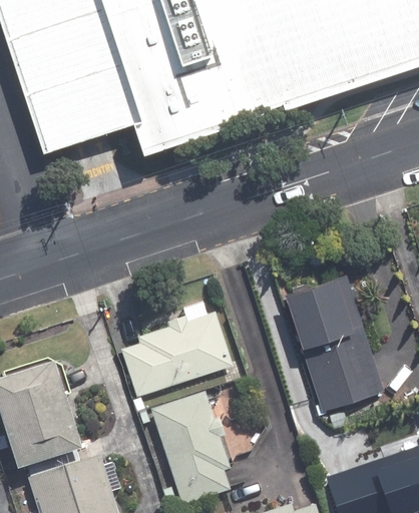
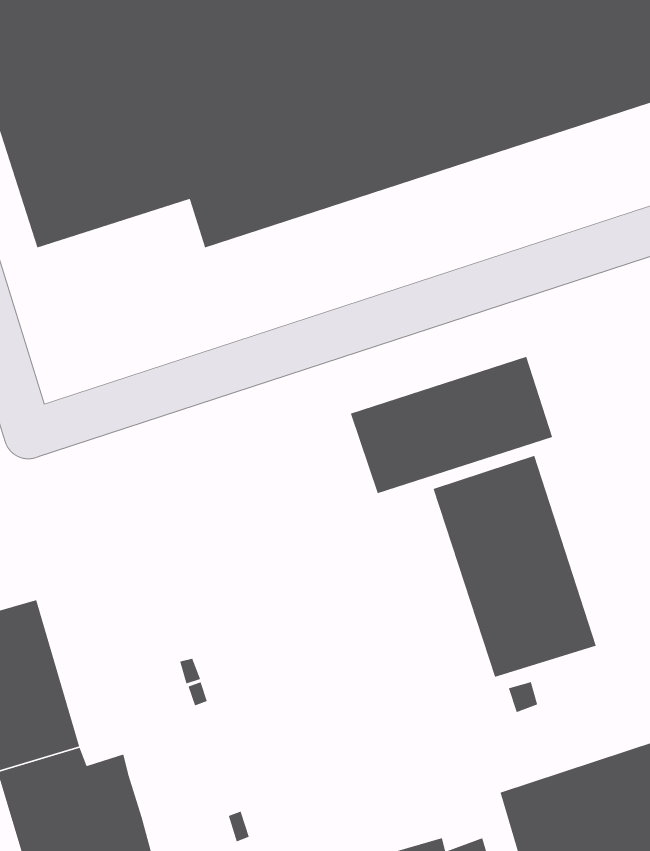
building: none -> [350,356,553,494]
building: [121,309,235,395] -> none
building: [150,391,231,505] -> none

